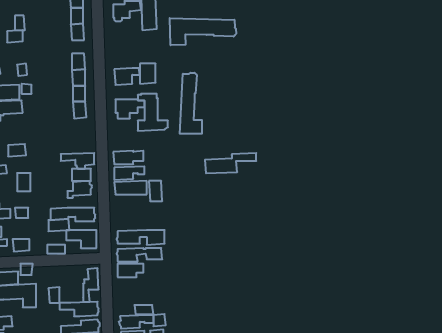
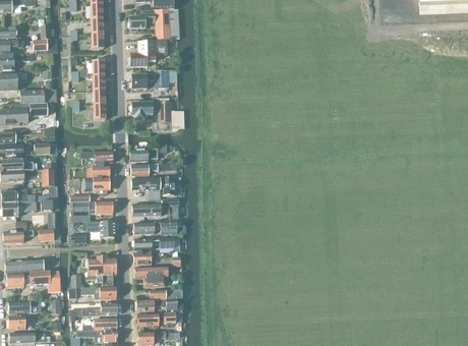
building: [170,18,236,45] -> none
building: none -> [131,41,156,66]
building: [180,73,202,134] -> none
building: [205,153,256,173] -> [132,197,179,216]
building: none -> [87,256,108,282]
building: none -> [134,266,168,286]

